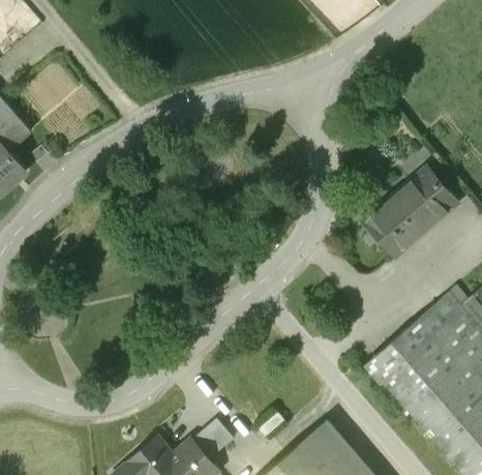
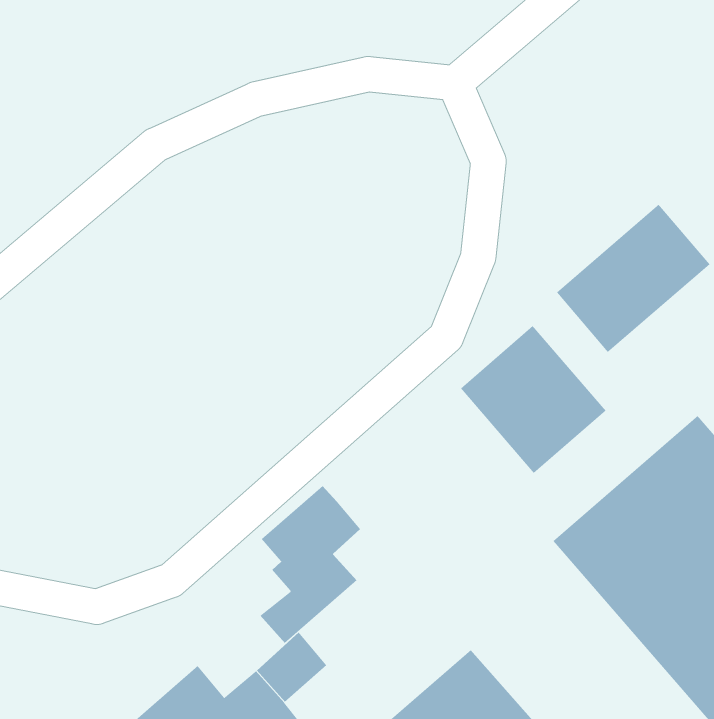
building: none -> [460,325,606,474]
building: none -> [260,485,361,644]

